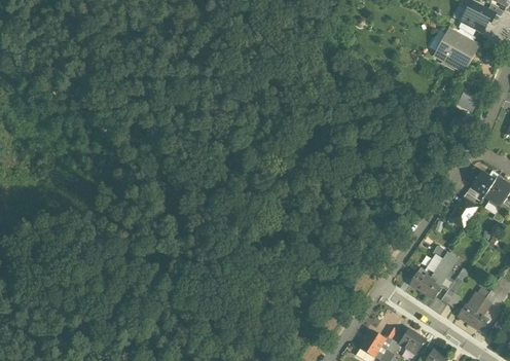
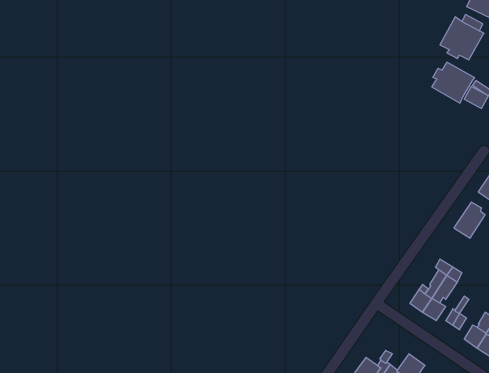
building: none -> [432,62,474,103]

